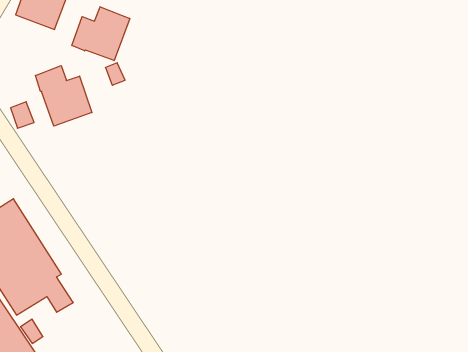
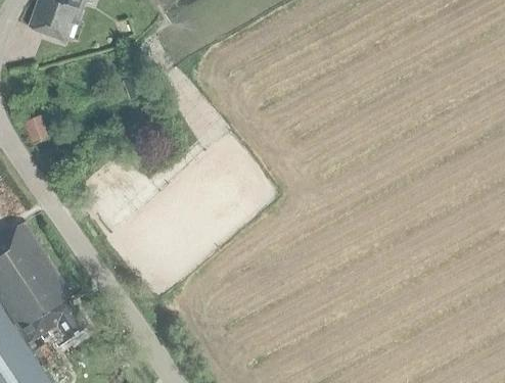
building: [72,7,130,61] -> none
building: [35,66,92,126] -> none

